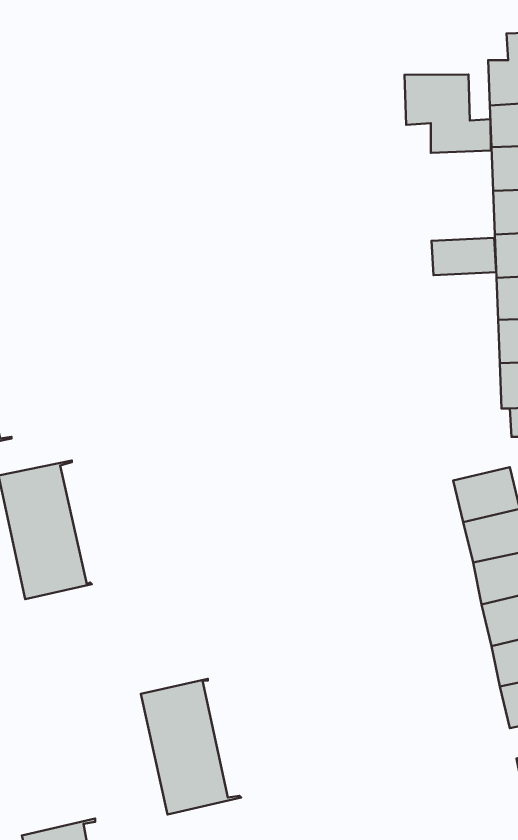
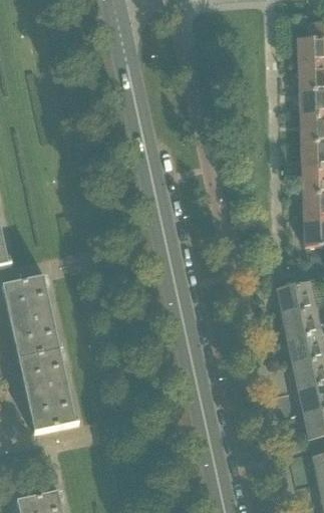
building: [405,74,491,153] -> none
building: [431,238,496,275] -> none
building: [141,679,241,814] -> [19,352,79,434]

